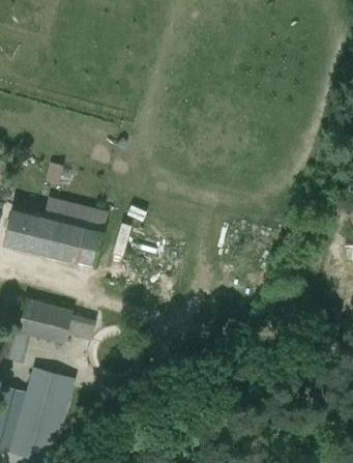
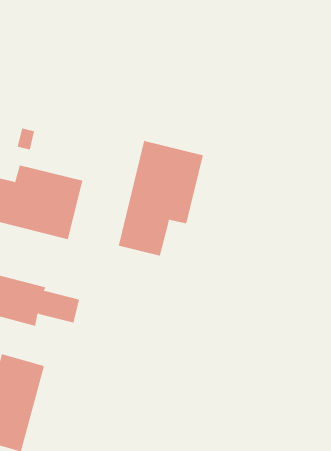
building: none -> [118,140,203,257]

